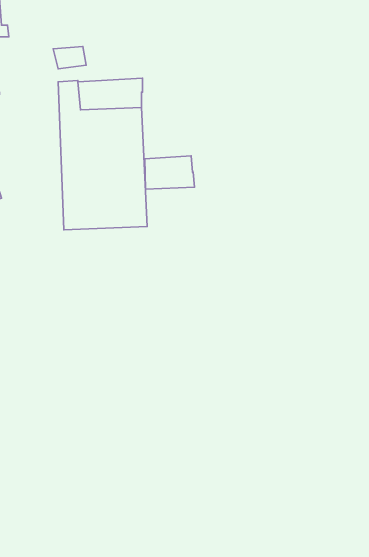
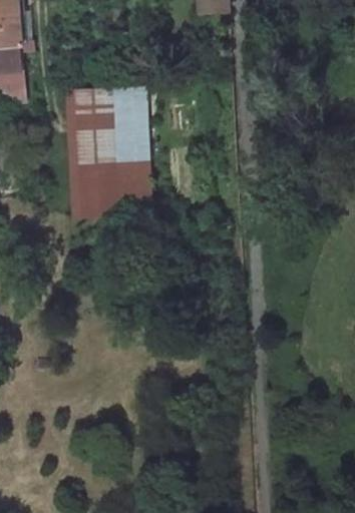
building: [145,156,195,189] -> none

